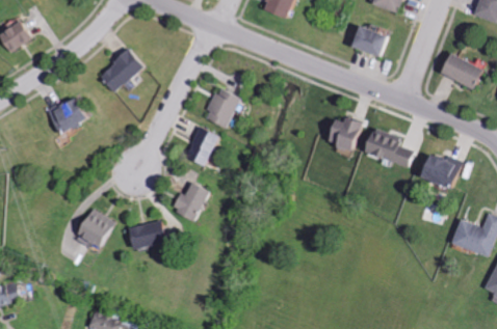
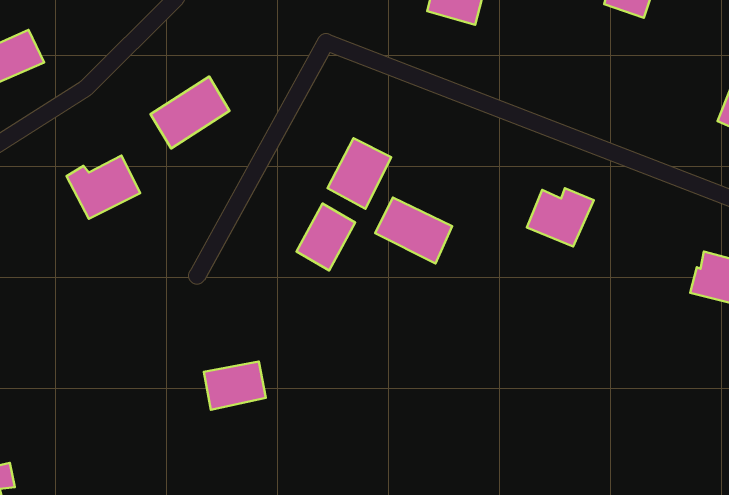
building: [354,24,391,57] -> none
building: none -> [375,198,452,263]
building: [362,128,413,166] -> none
building: [173,181,212,221] -> none
building: [72,208,116,248] -> none

